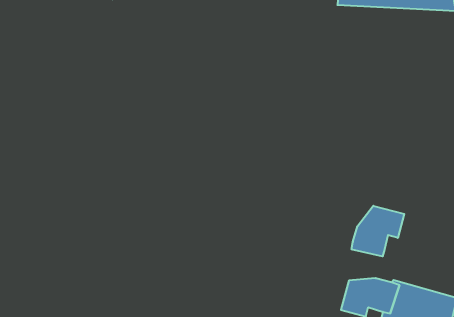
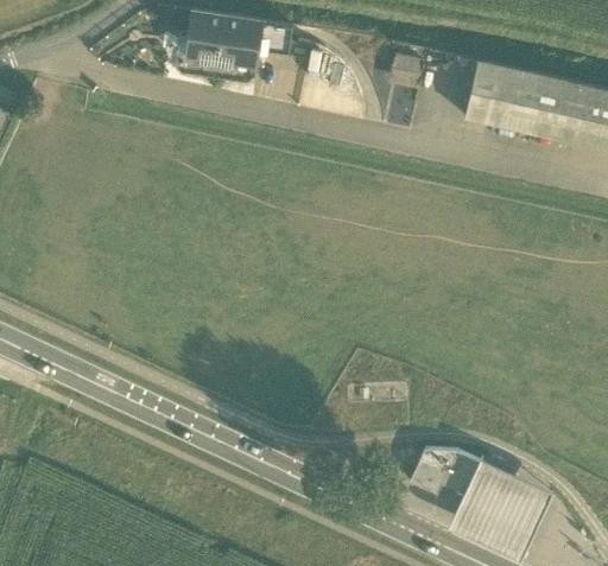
building: [352,206,404,256] -> none

